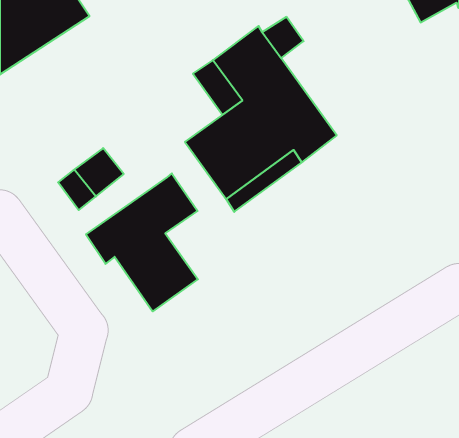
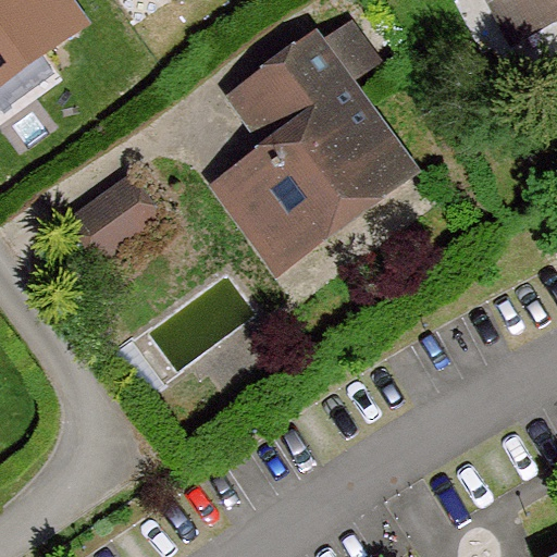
building: [86,173,198,311] -> none

